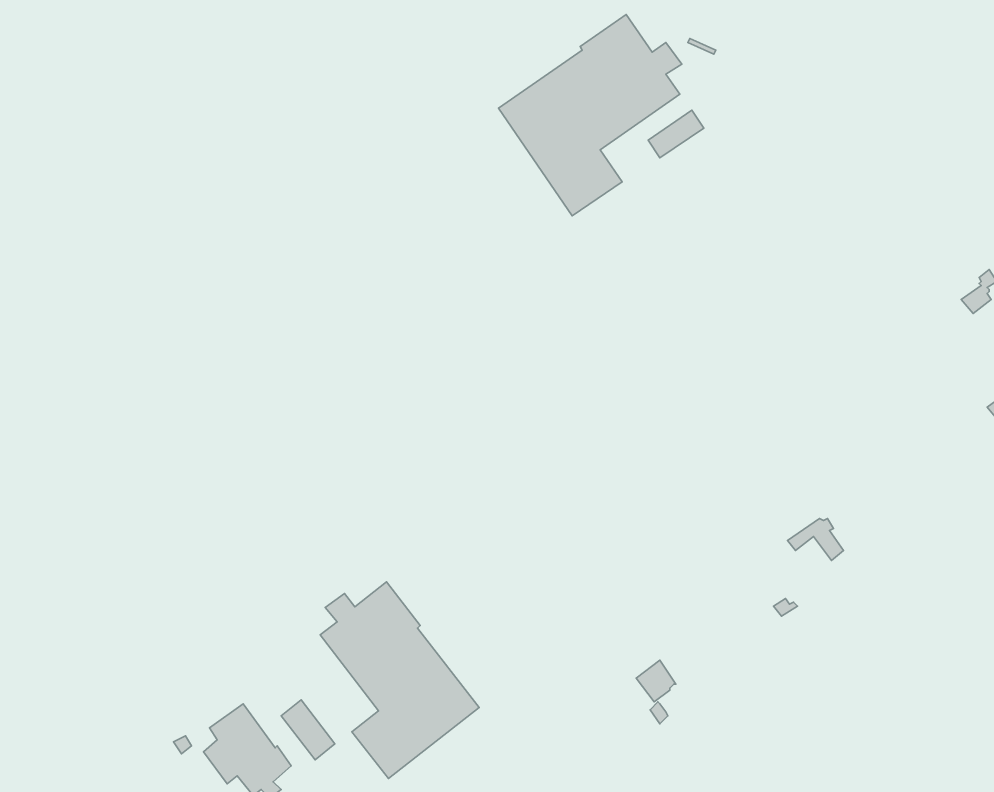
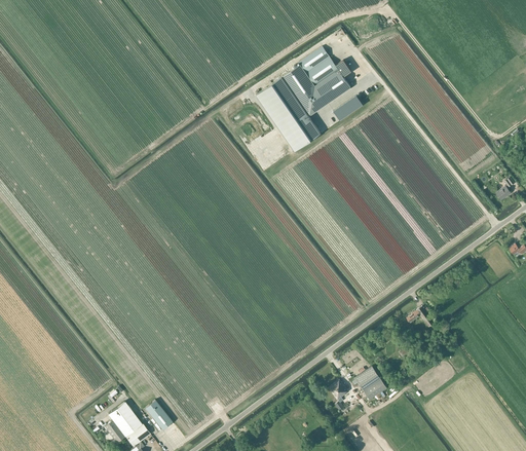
building: [320,582,479,779] -> none
building: none -> [354,366,387,400]

